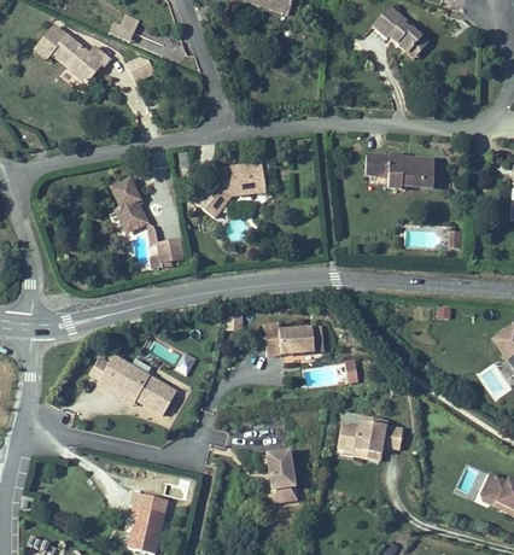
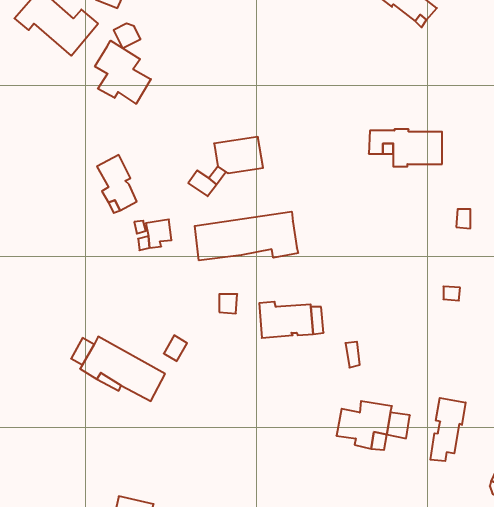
building: none -> [95,41,151,104]
building: none -> [195,212,298,260]
building: none -> [430,398,466,461]
building: [264,442,297,500] -> none

